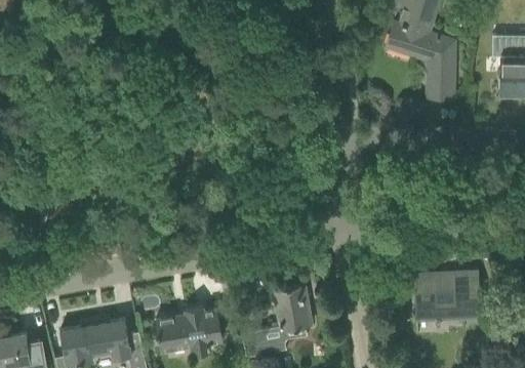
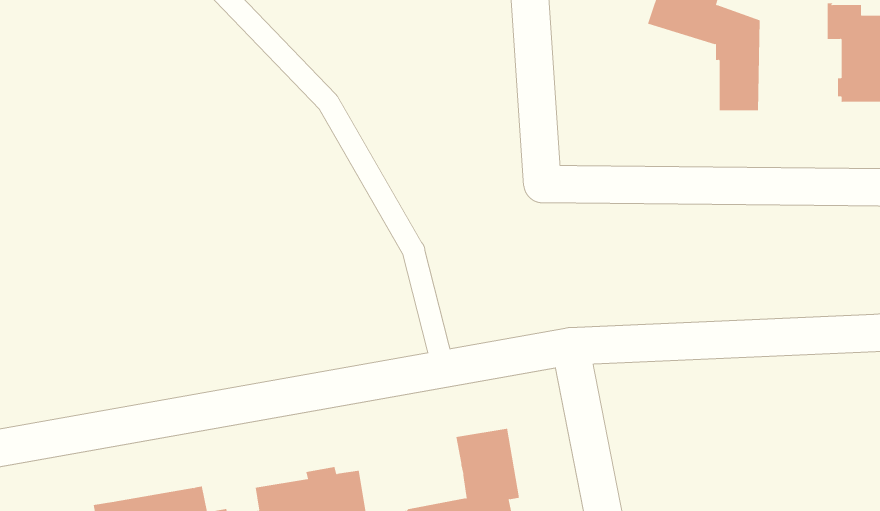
building: [414,273,482,328] -> none

